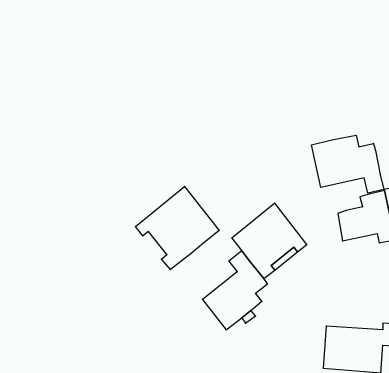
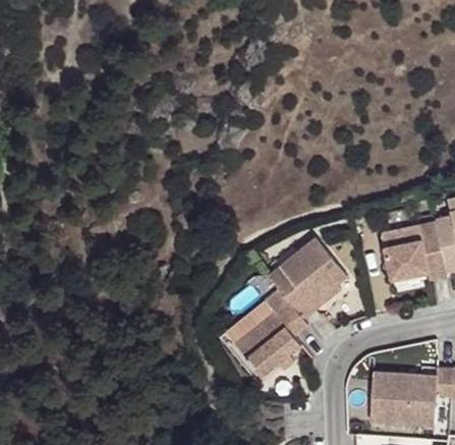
building: [312,135,384,193] -> none
building: [135,186,219,270] -> none

